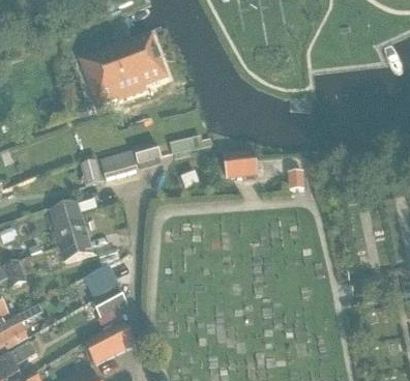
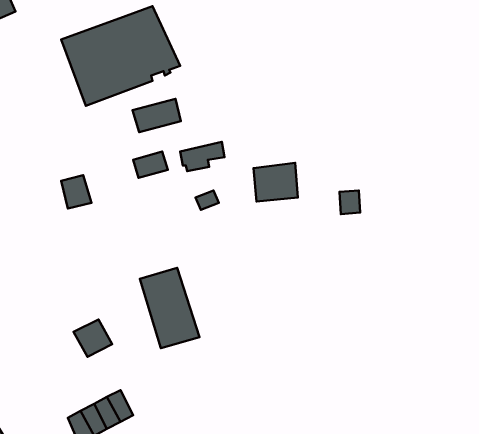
building: [99,150,136,175] -> [132,99,181,132]
building: [49,201,93,261] -> [140,268,199,348]
building: [91,288,126,318] -> none

